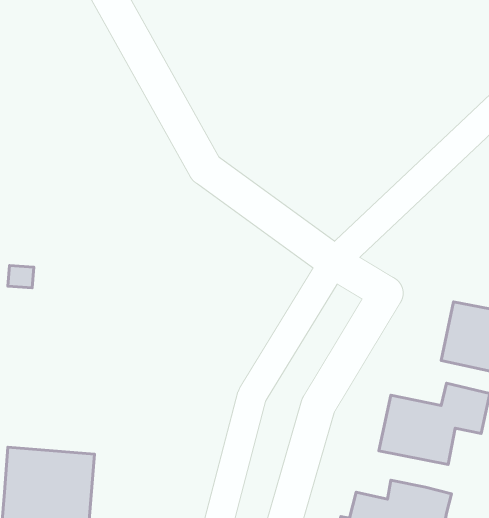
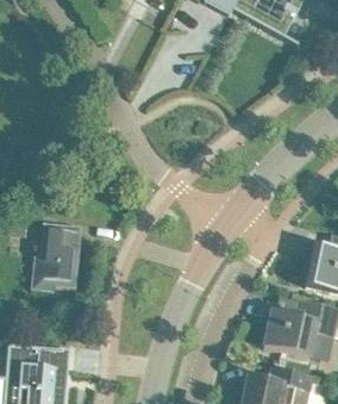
building: none -> [30,222,80,291]

